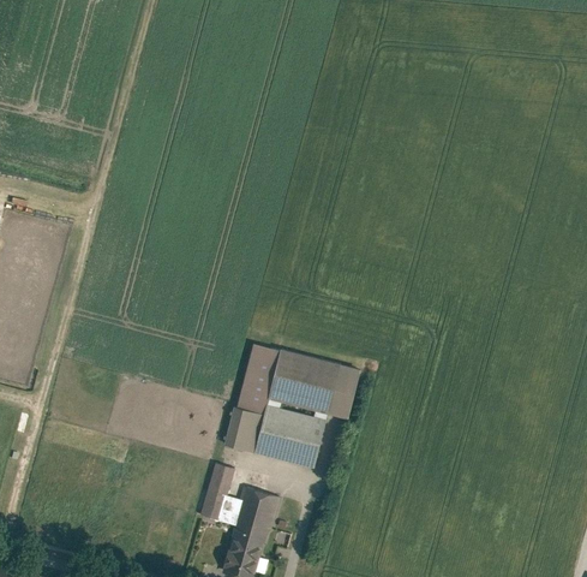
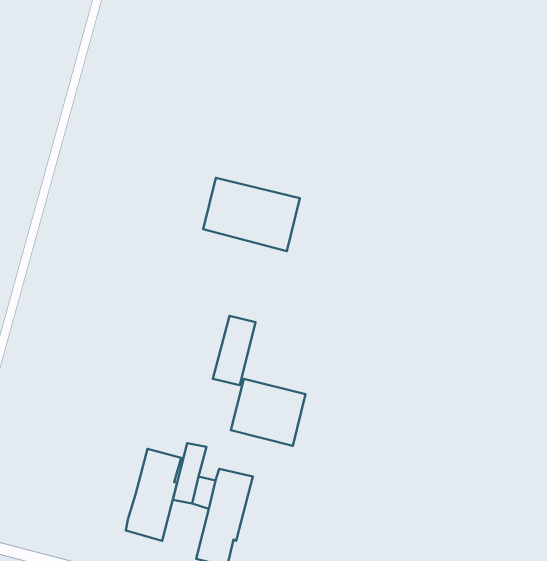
building: [269,351,359,420] -> [203,178,300,251]
building: [224,408,262,453] -> none
building: none -> [126,449,181,541]

